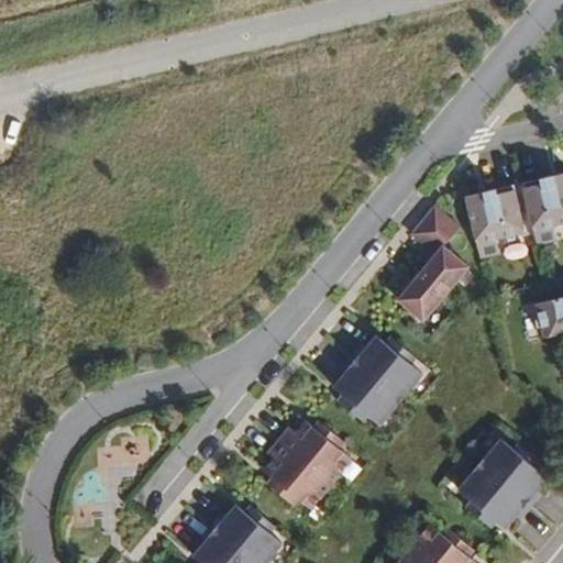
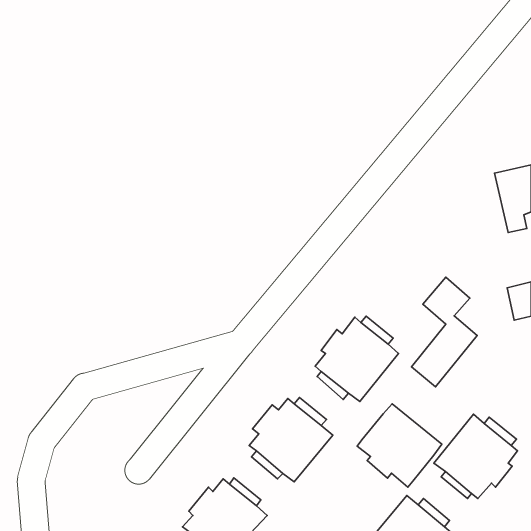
building: [464,187,523,261] -> none
building: [399,206,468,321] -> [411,277,477,387]
building: none -> [357,404,442,487]

